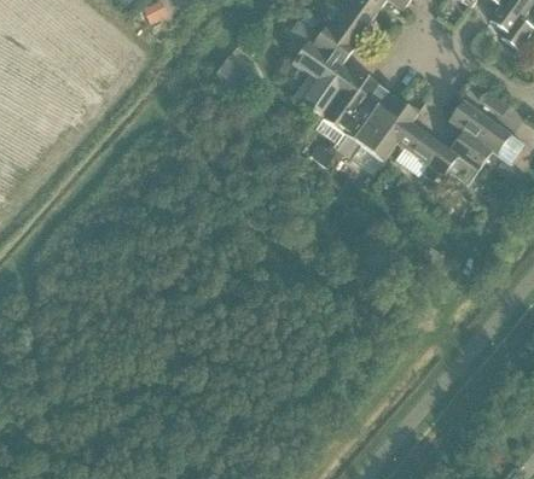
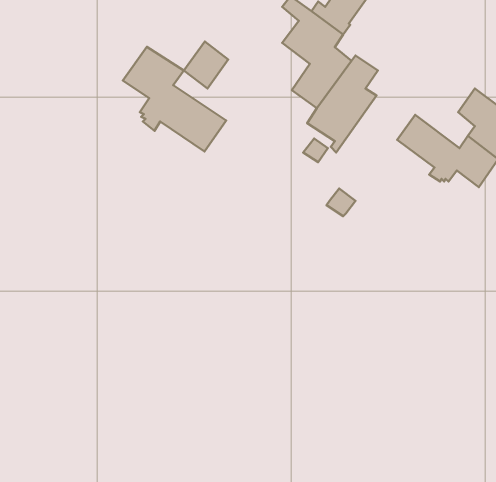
building: none -> [123,47,226,151]
building: [344,95,419,173] -> none

